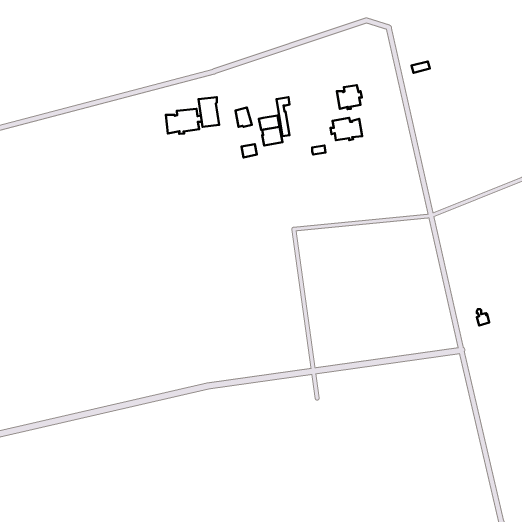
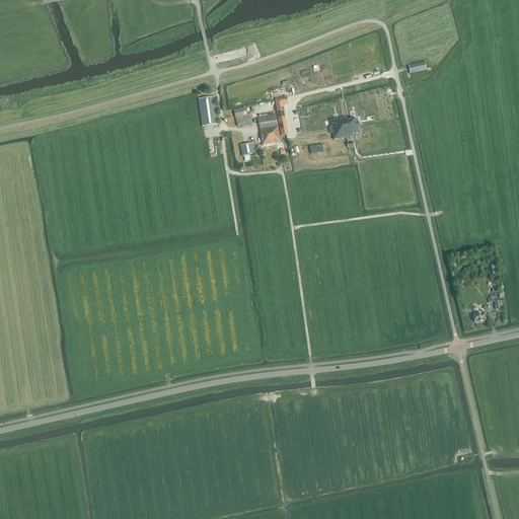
building: [337,85,362,109] -> none
building: [166,109,202,134] -> none

